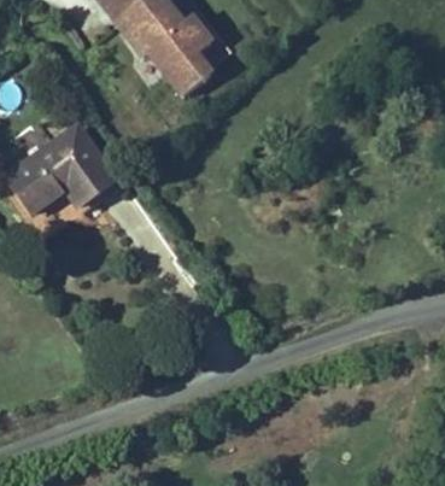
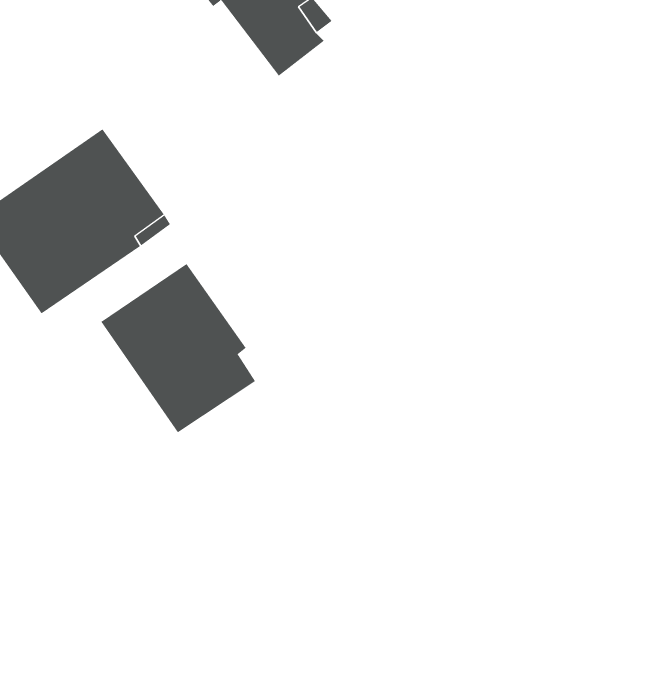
building: none -> [100,263,256,433]

